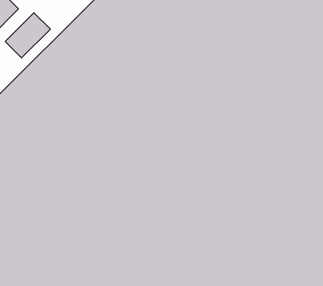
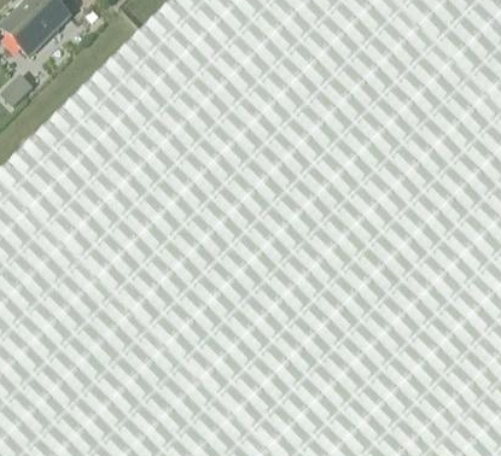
building: [5,13,50,58] -> none

